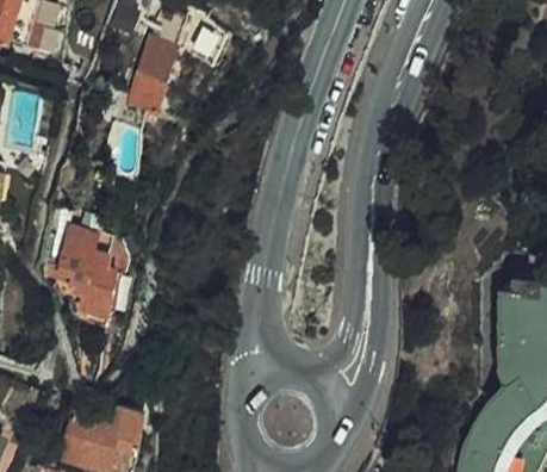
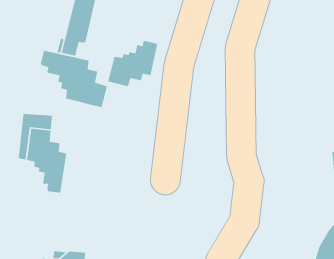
building: none -> [107,40,158,87]
building: none -> [40,50,108,108]

